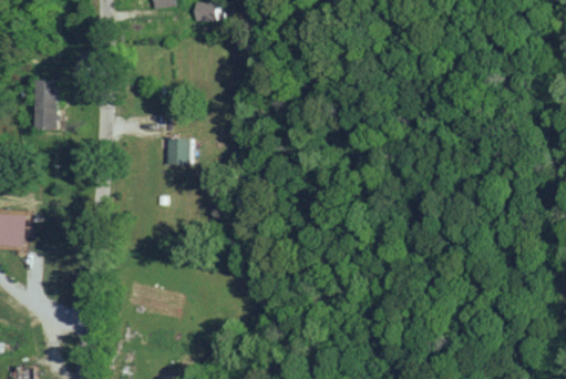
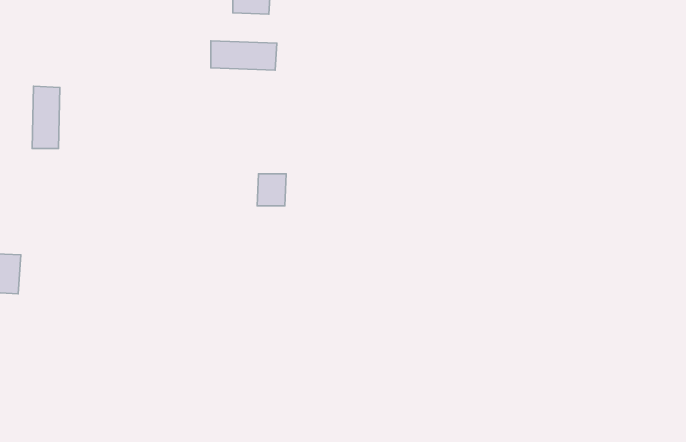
building: none -> [211,41,277,70]
building: [167,140,191,165] -> [257,174,286,206]

